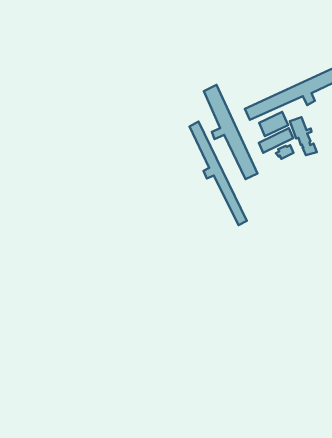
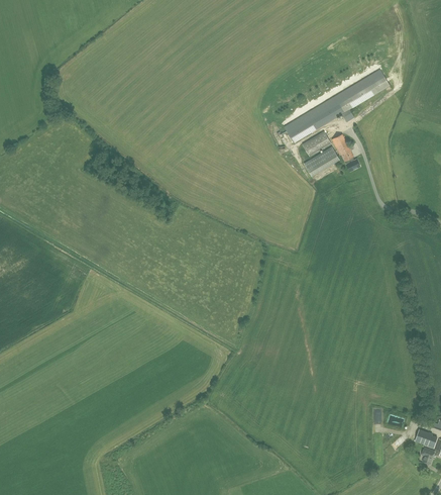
building: [204,85,257,179] -> none
building: [190,122,247,225] -> none

